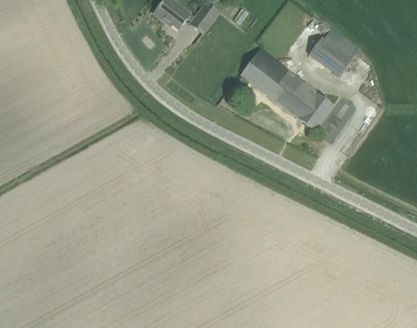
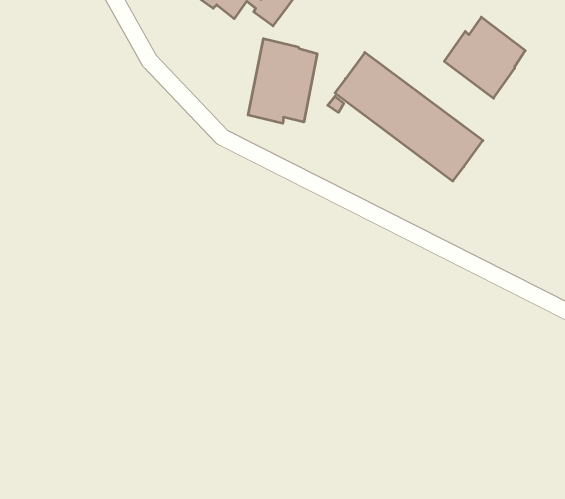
building: none -> [248,39,317,123]

